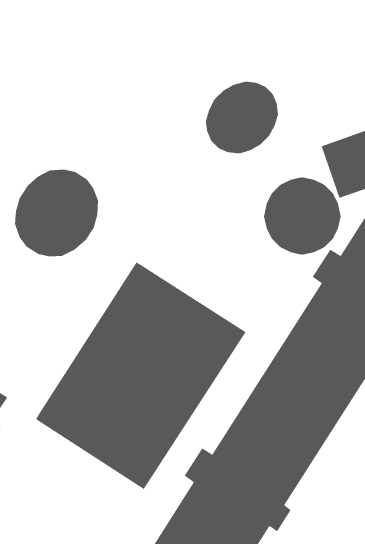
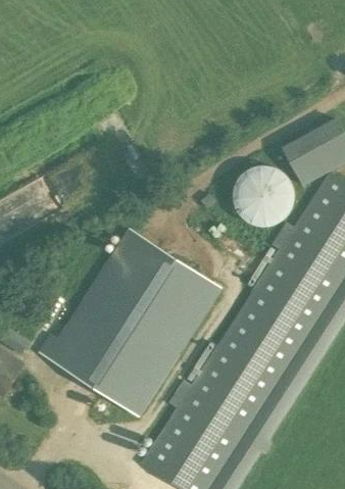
building: [205,81,279,154] -> none
building: [14,169,99,257] -> none

